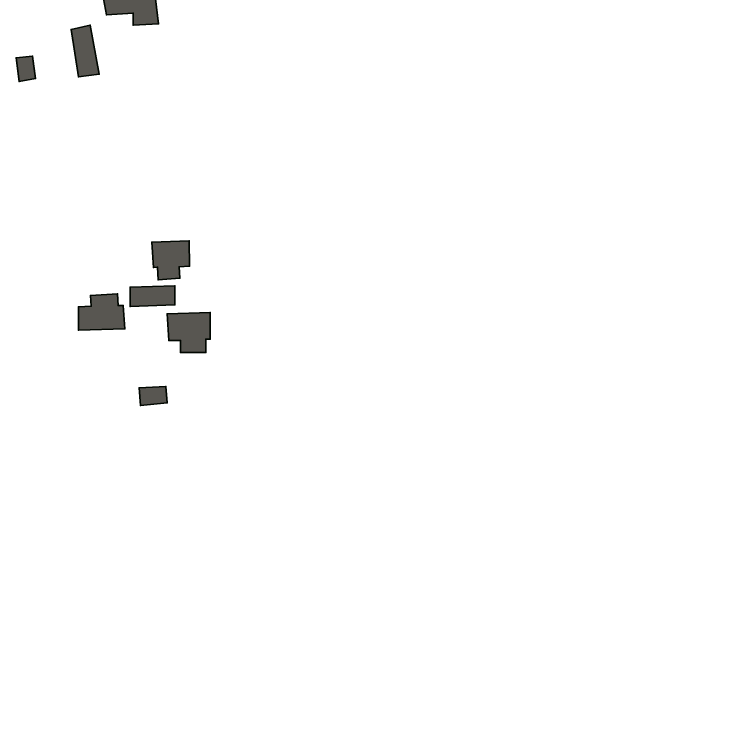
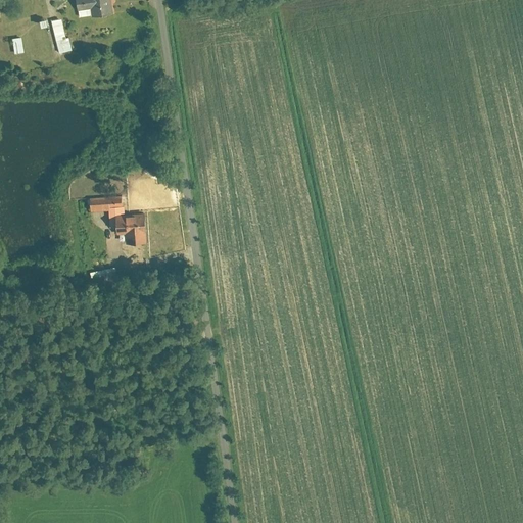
building: [152,241,190,280] -> none
building: [78,294,125,330] -> none

